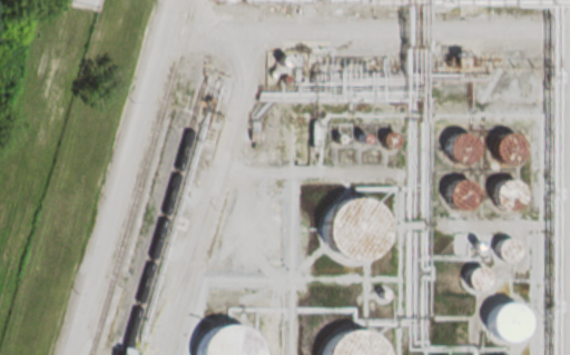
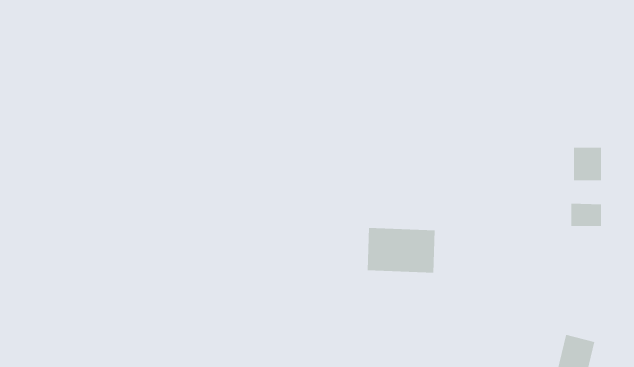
building: [453,138,480,166] -> none
building: [451,183,480,210] -> none

